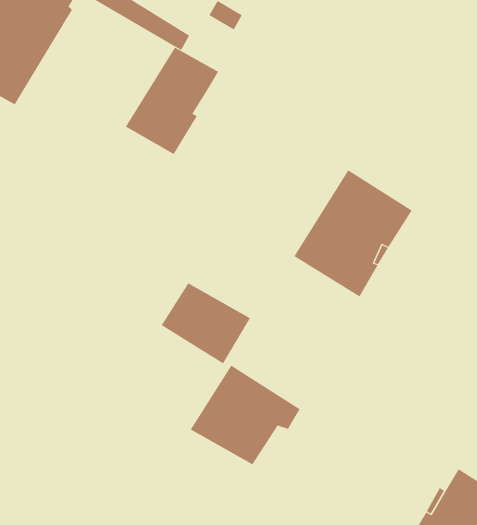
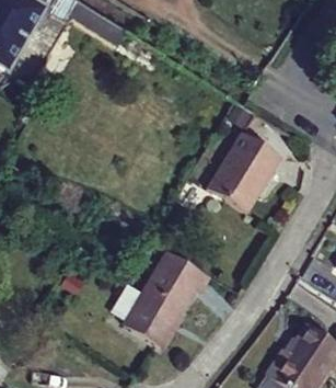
building: [125,47,219,155] -> none
building: [161,283,251,364] -> [123,293,181,345]

